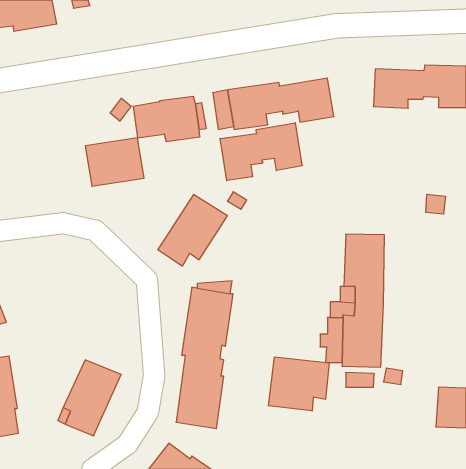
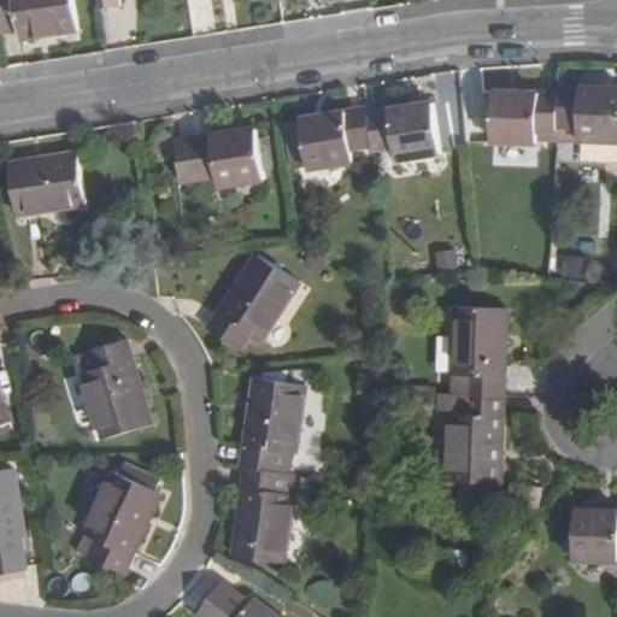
building: [220,123,302,181] -> none
building: [85,138,144,186] -> [7,152,84,216]
building: none -> [80,341,149,436]
building: [268,357,329,411] -> none

